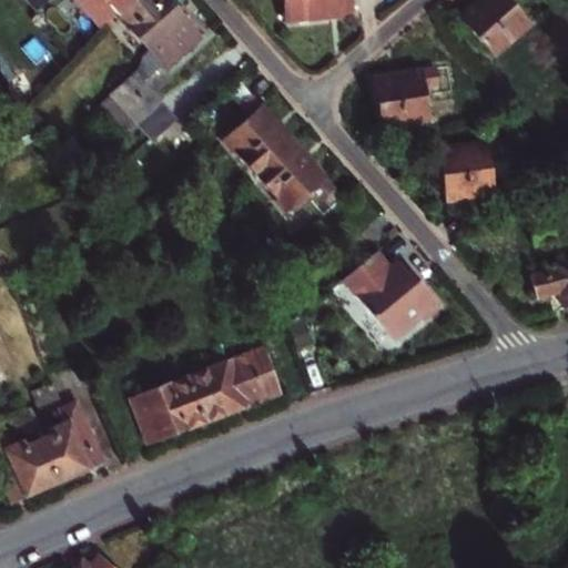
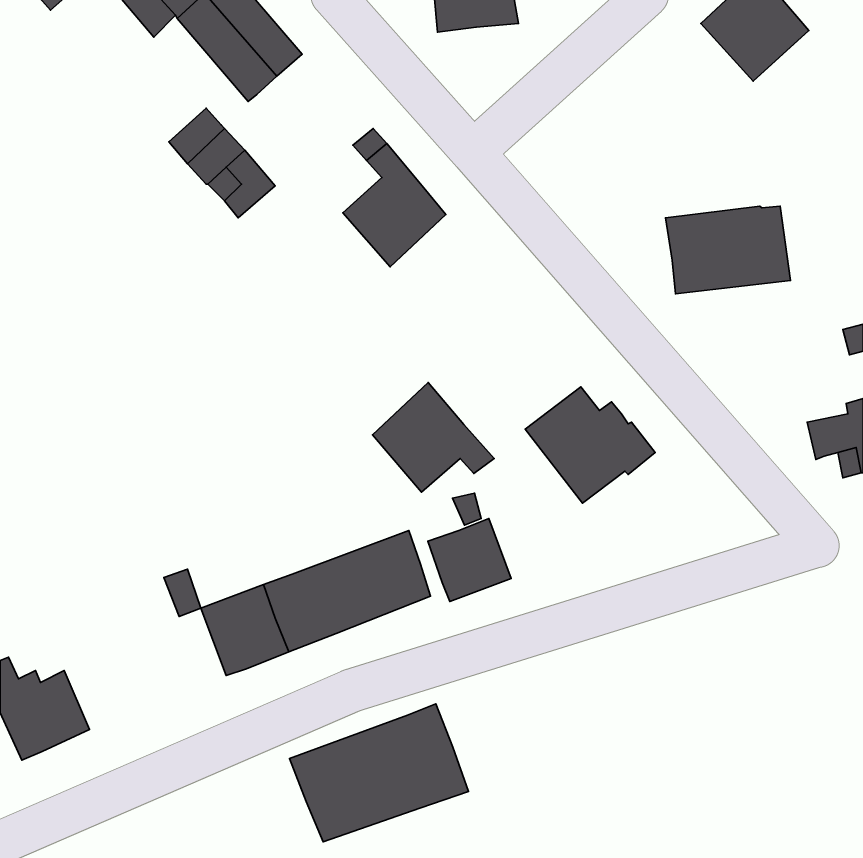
building: [376,67,439,126] -> none
building: [256,141,336,213] -> [372,382,494,492]
building: none -> [428,518,511,601]
building: [42,398,104,479] -> none
building: none -> [289,704,468,842]

